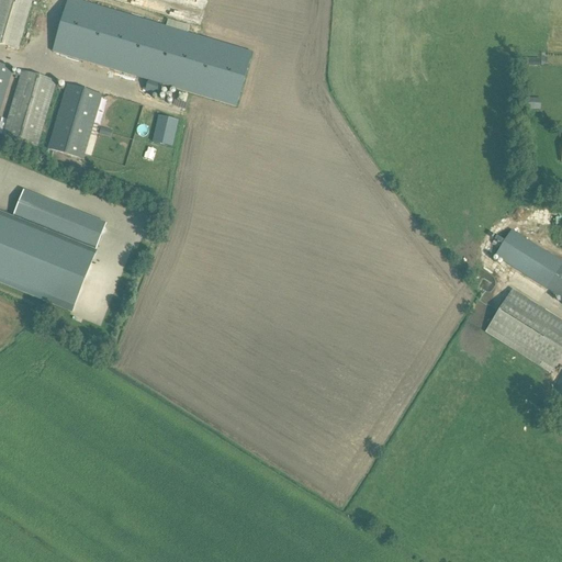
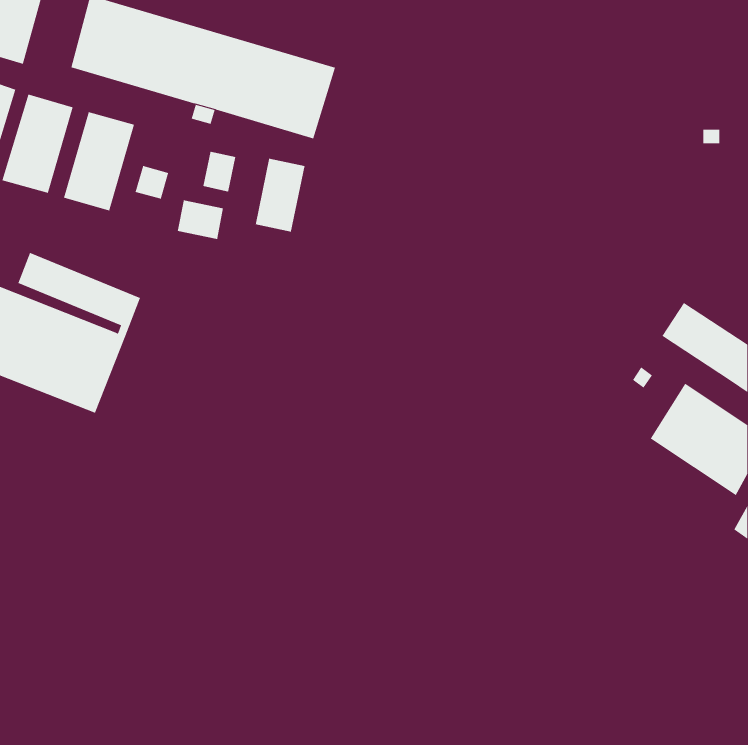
building: none -> [255,158,305,232]
building: none -> [135,165,169,200]
building: none -> [177,199,224,240]

